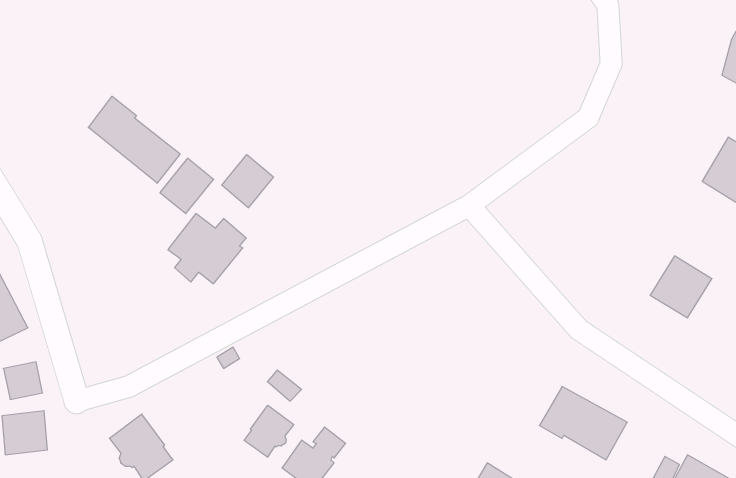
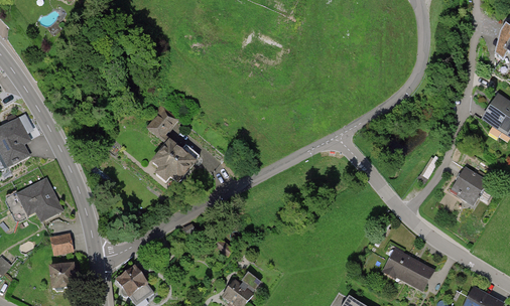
building: [88,96,180,183] -> none
building: [222,155,273,208] -> none
building: [244,405,294,457] -> none

